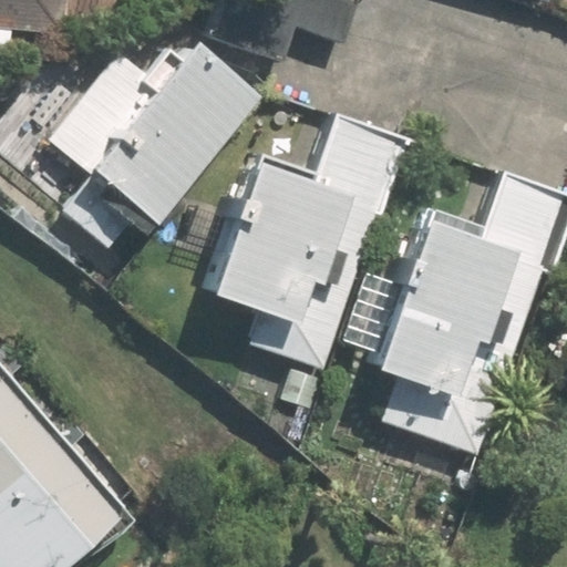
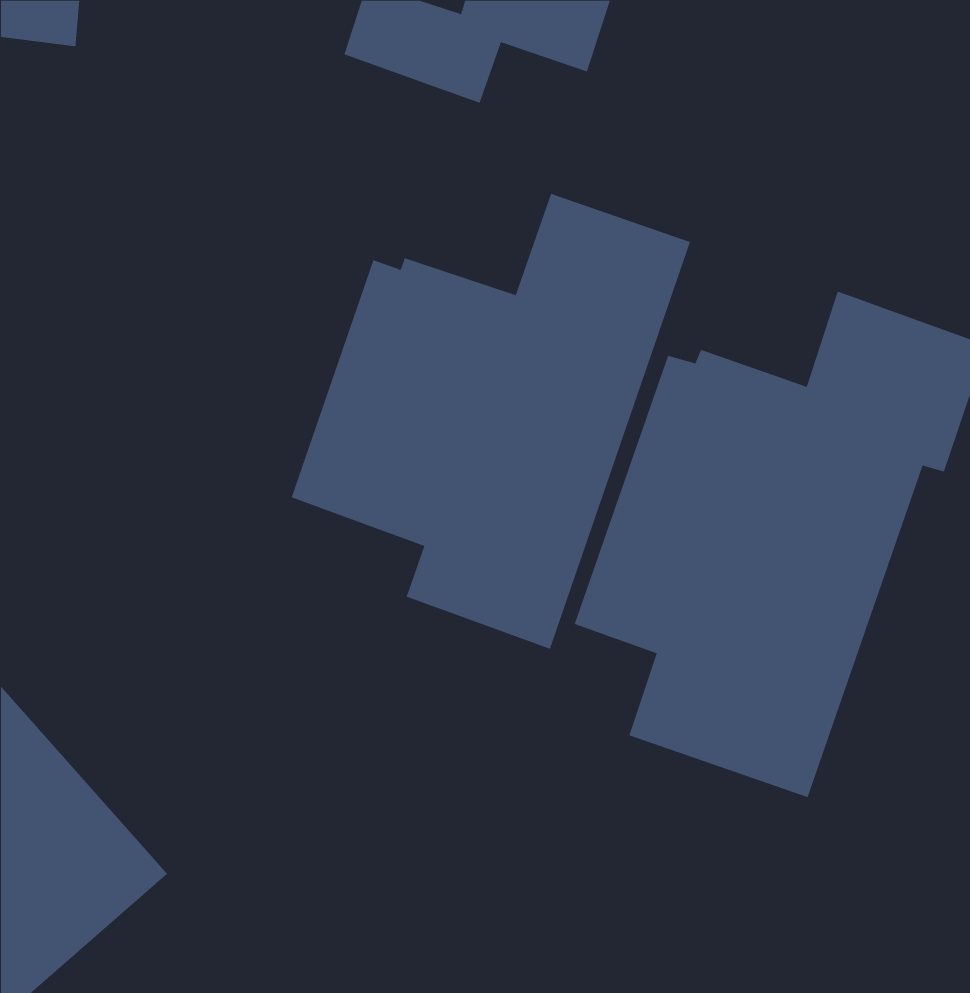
building: [52,35,254,252] -> none

